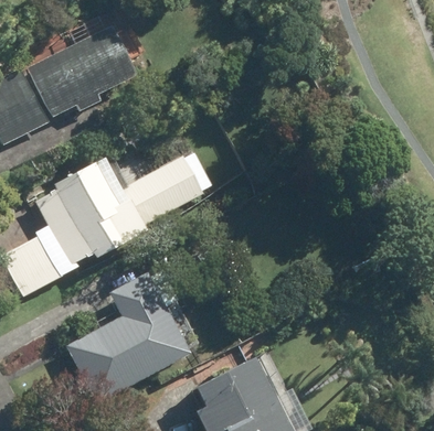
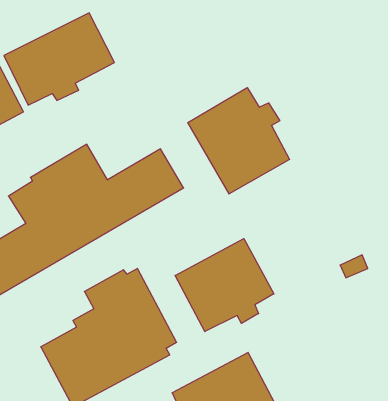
building: none -> [188,88,290,194]
building: none -> [175,239,274,332]

